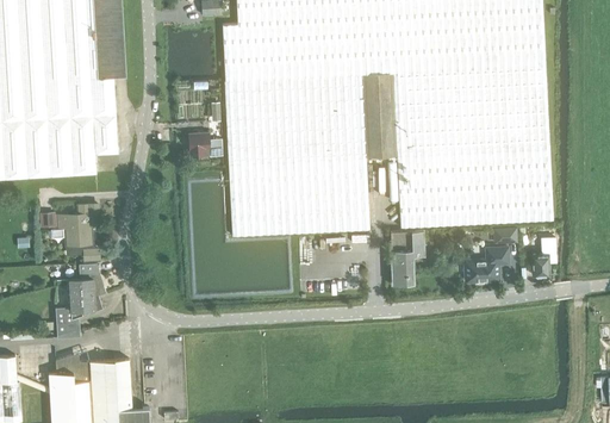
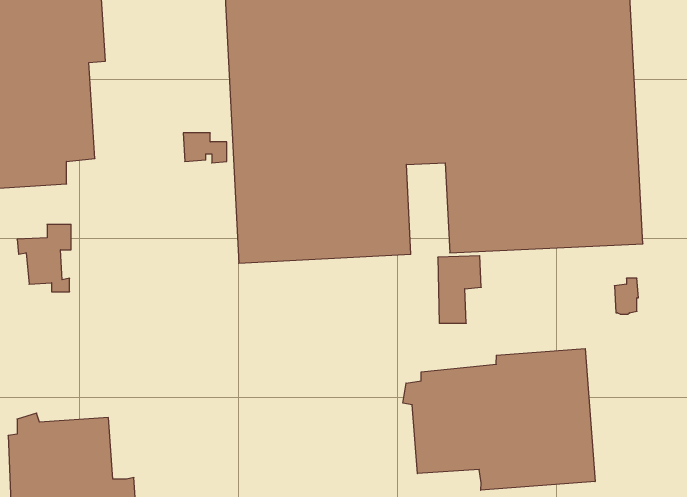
building: [463,247,509,281] -> none
building: [56,263,106,337] -> none
building: none -> [403,349,595,490]

